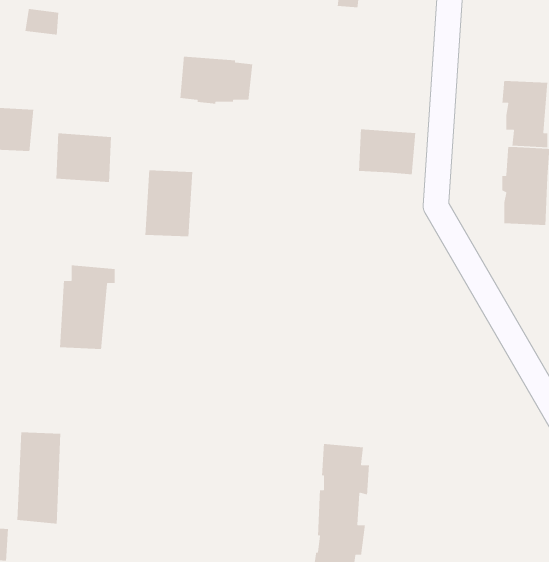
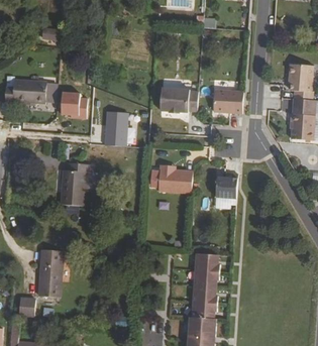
building: [179,56,253,104] -> [161,88,199,113]
building: none -> [158,165,193,194]
building: none -> [217,174,238,199]

